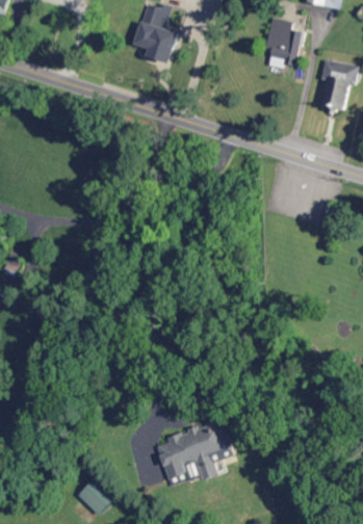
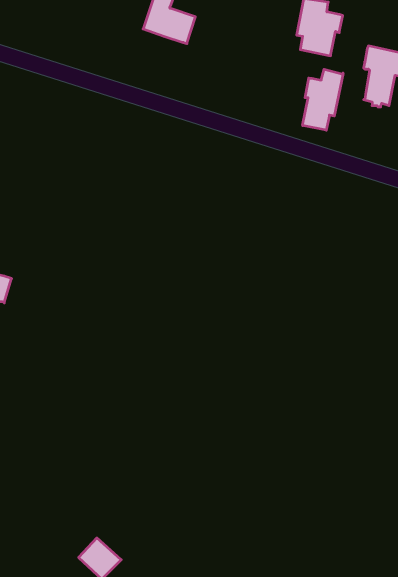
building: none -> [303,69,343,130]
building: [156,418,233,478] -> none

